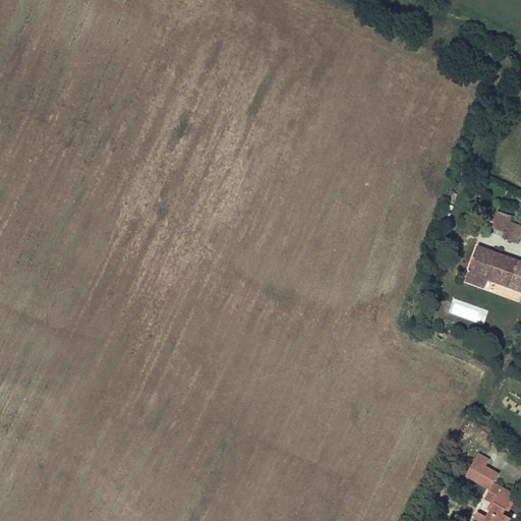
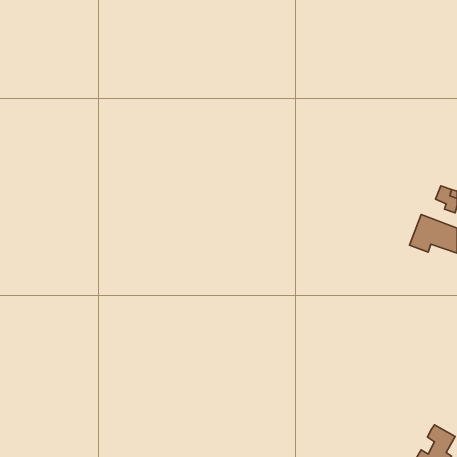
building: [447,301,486,327] -> none
building: [464,452,499,489] -> none

